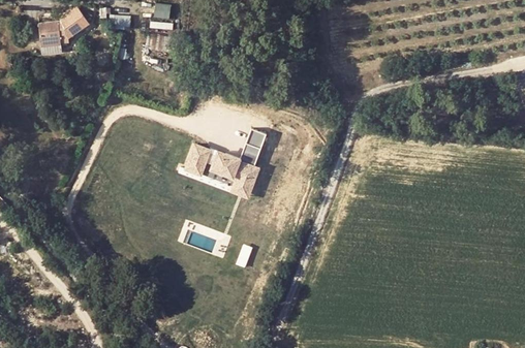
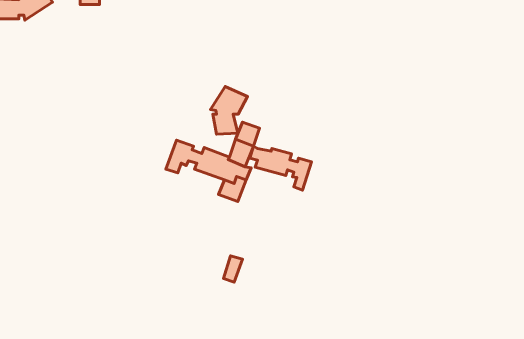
building: none -> [211,87,248,134]
building: none -> [250,146,312,190]

